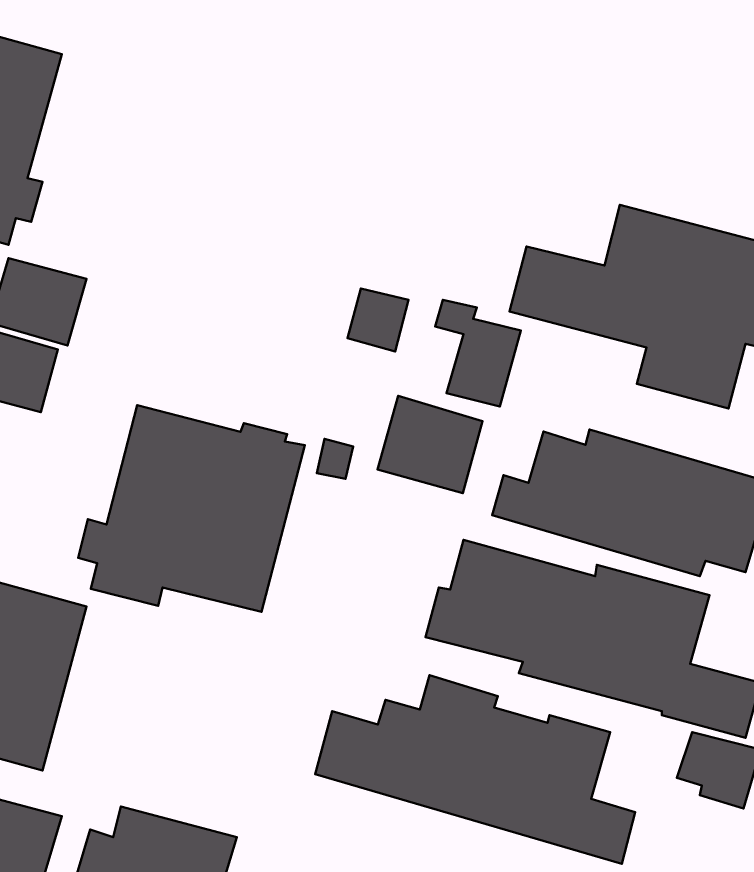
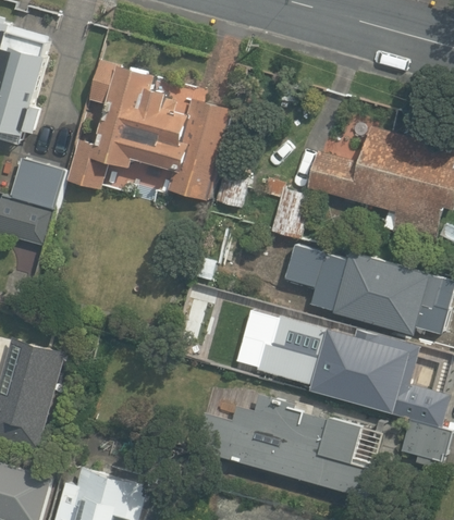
building: none -> [69,61,231,201]
building: [377,396,482,493] -> none
building: [78,405,305,612] -> none

